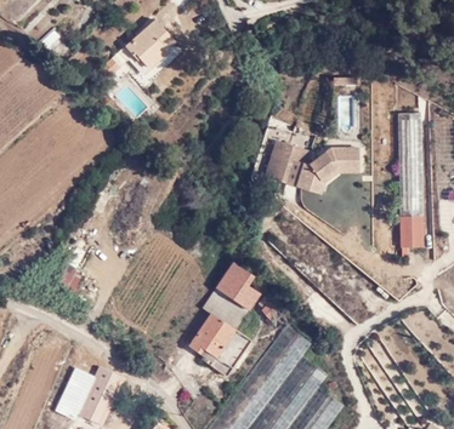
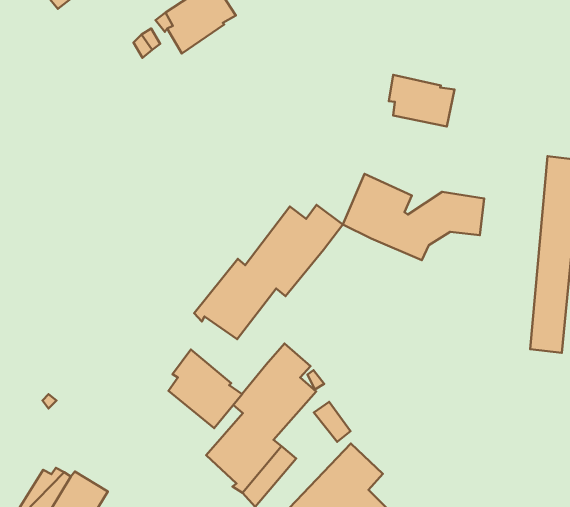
building: none -> [389,75,454,127]
building: none -> [194,205,343,339]
building: none -> [169,349,242,428]

